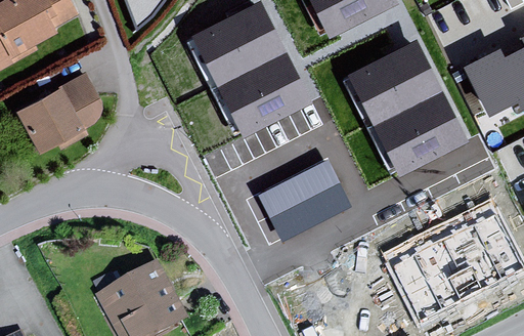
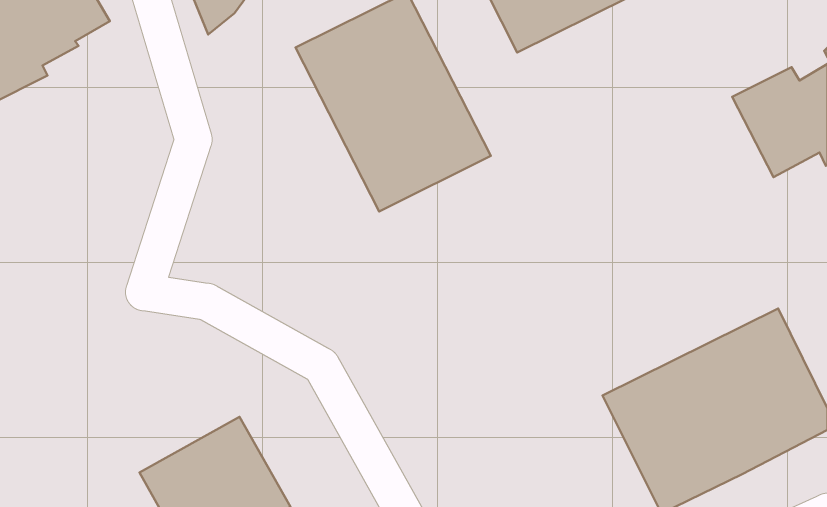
building: [345,37,467,174] -> none
building: [13,74,98,154] -> none
building: [258,158,350,239] -> none

